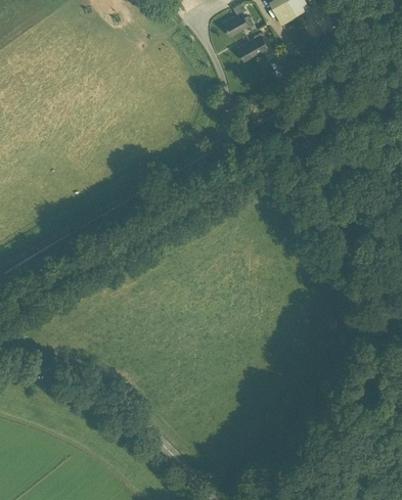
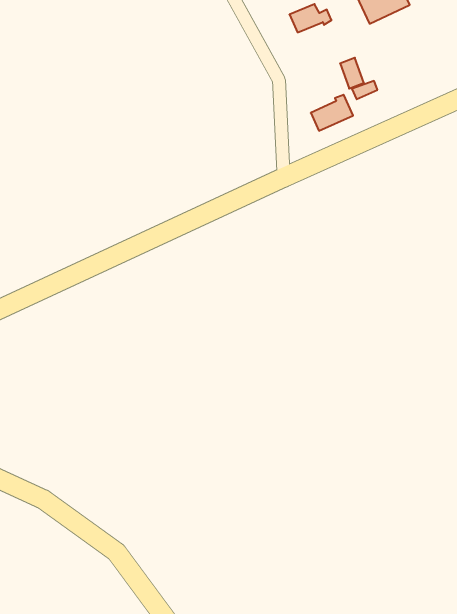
building: [236,33,267,60] -> [311,95,353,131]

